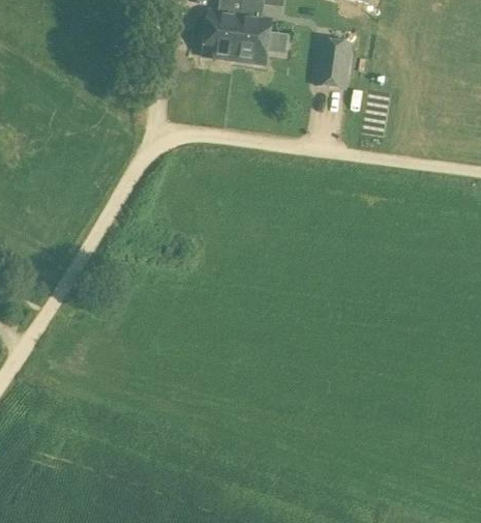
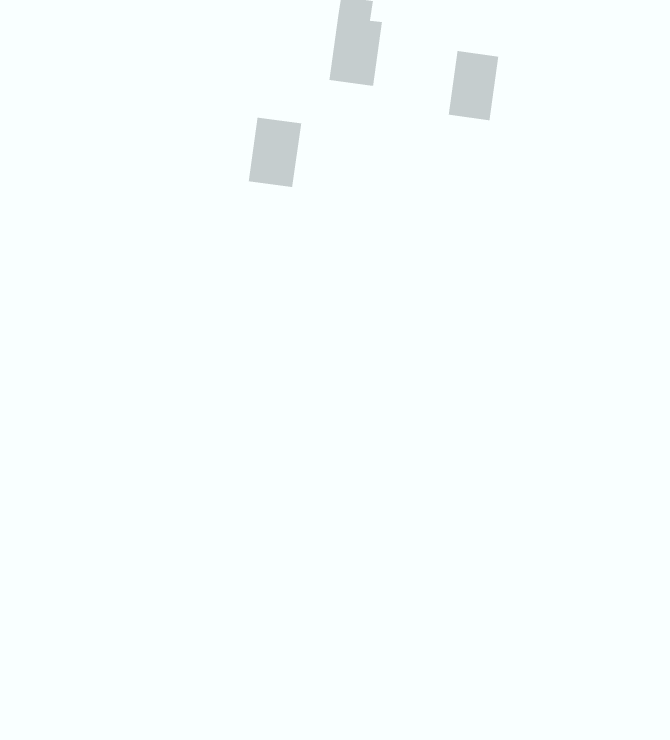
building: [204,10,241,59] -> [248,117,302,188]

